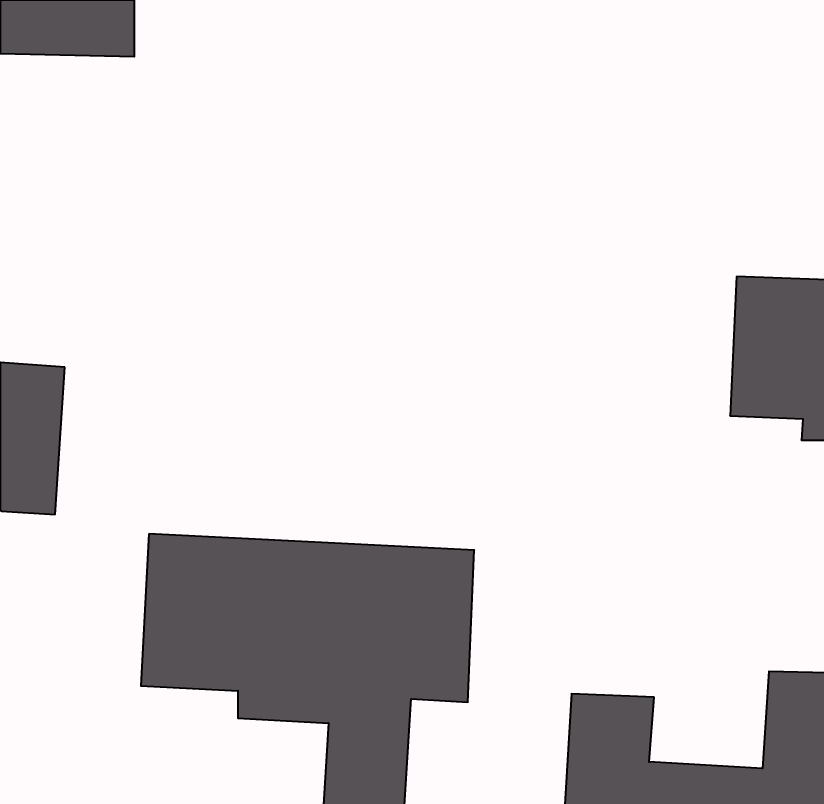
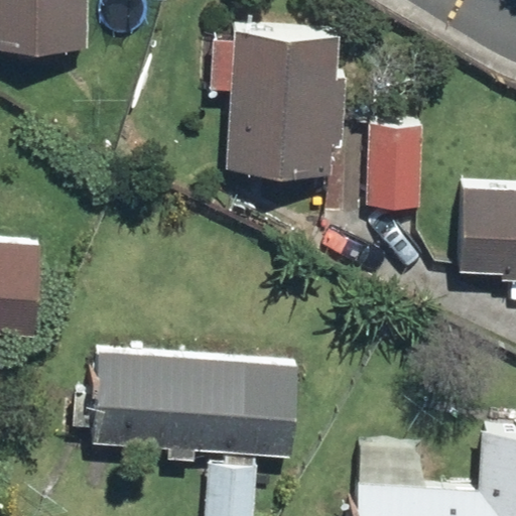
building: none -> [210,30,338,179]
building: none -> [364,122,431,216]

